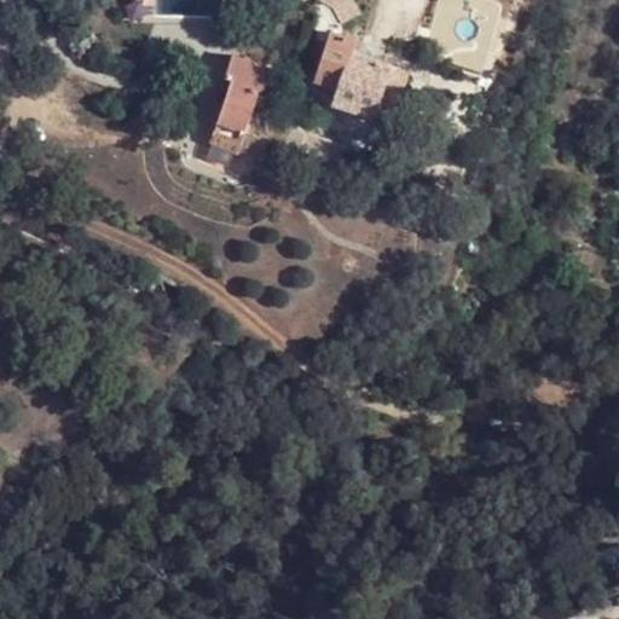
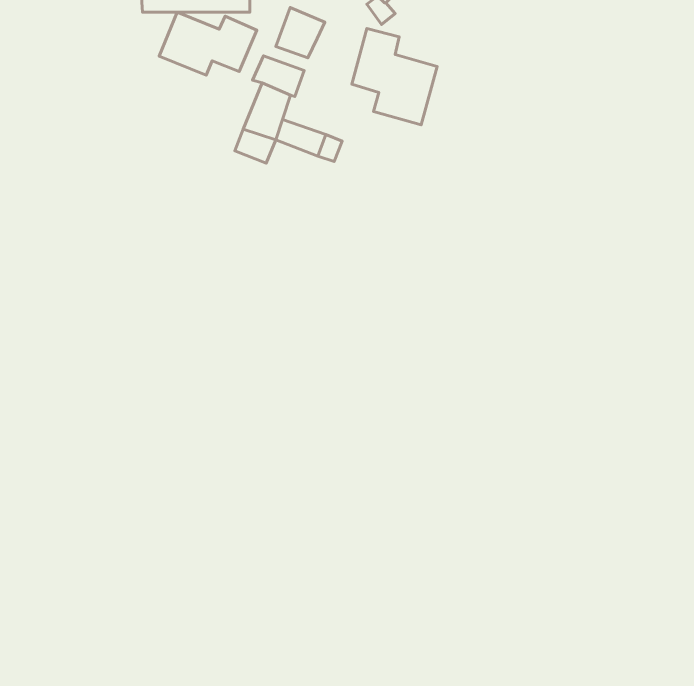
building: none -> [276,8,325,58]
building: none -> [159,12,257,75]

